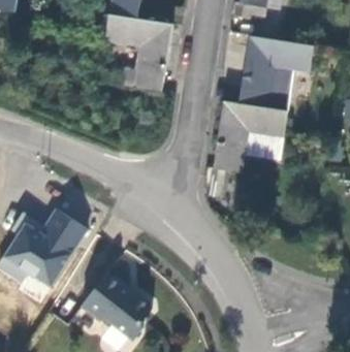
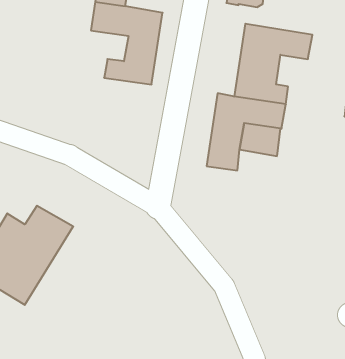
building: [81,273,152,339] -> none

